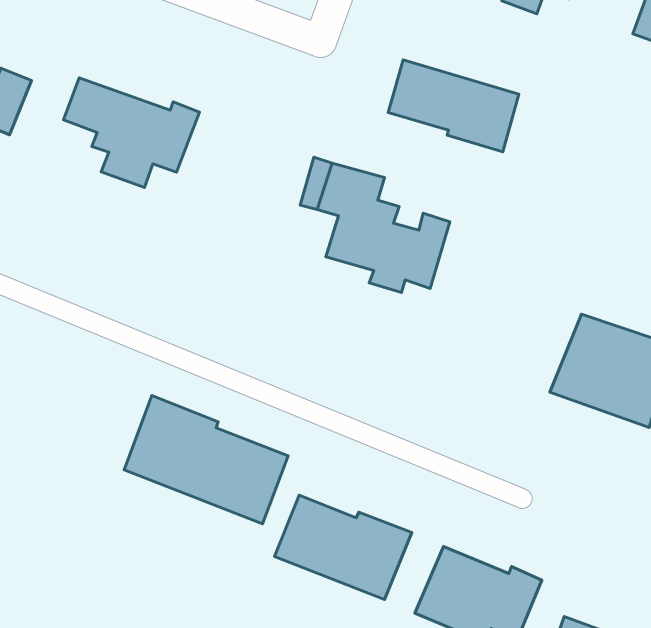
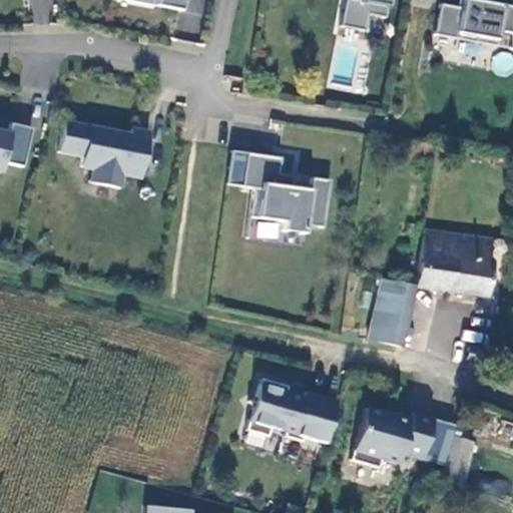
building: [388,60,519,152] -> none
building: none -> [373,278,418,346]
building: [124,396,288,524] -> none

